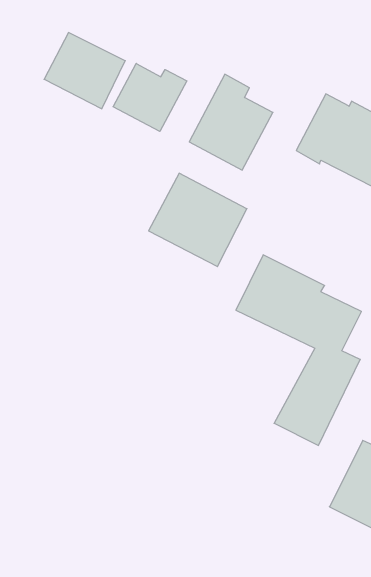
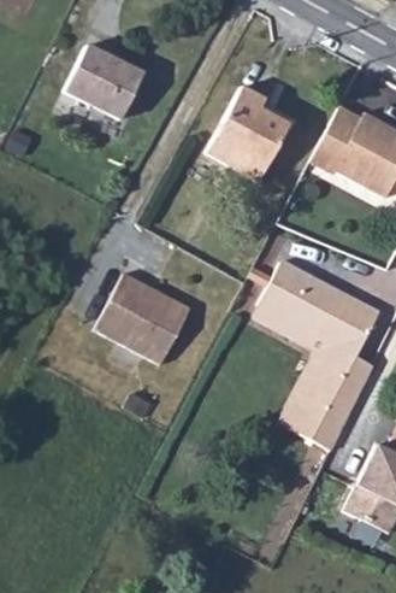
building: [113,63,187,131] -> none
building: [149,173,247,267] -> [95,272,191,364]

